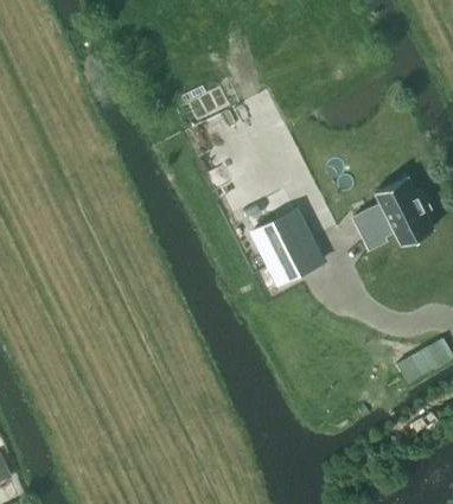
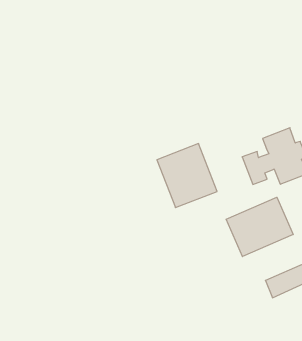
building: none -> [226,197,293,257]

